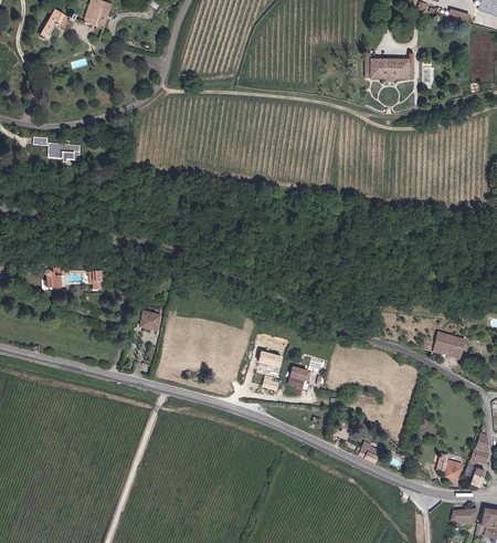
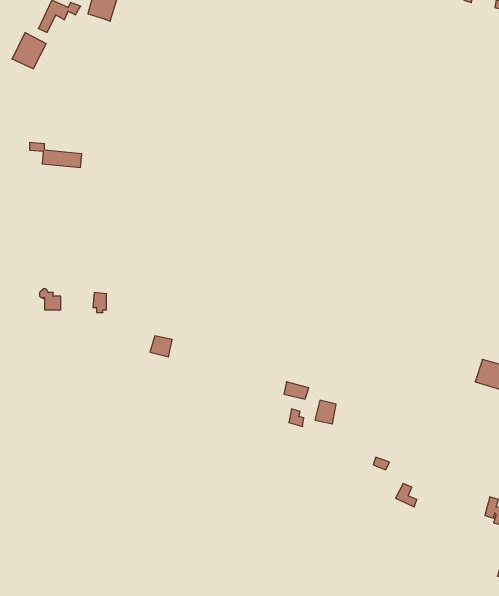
building: none -> [12,33,46,69]
building: [366,53,414,81] -> none

